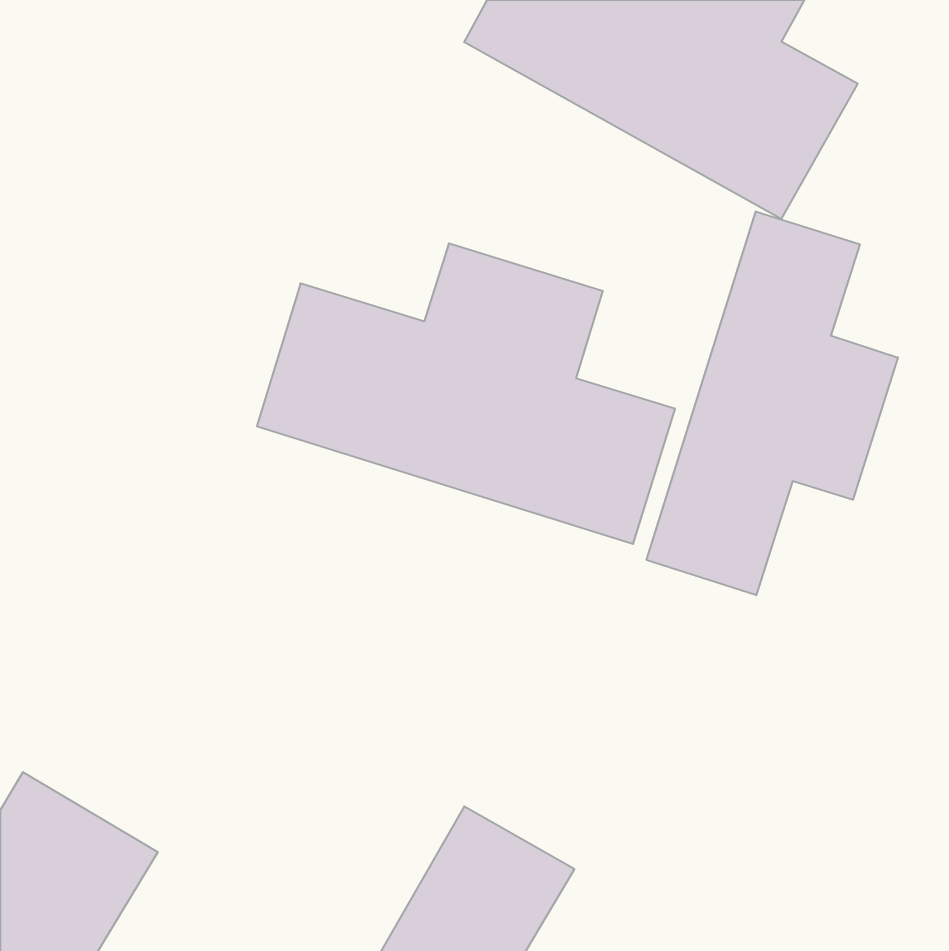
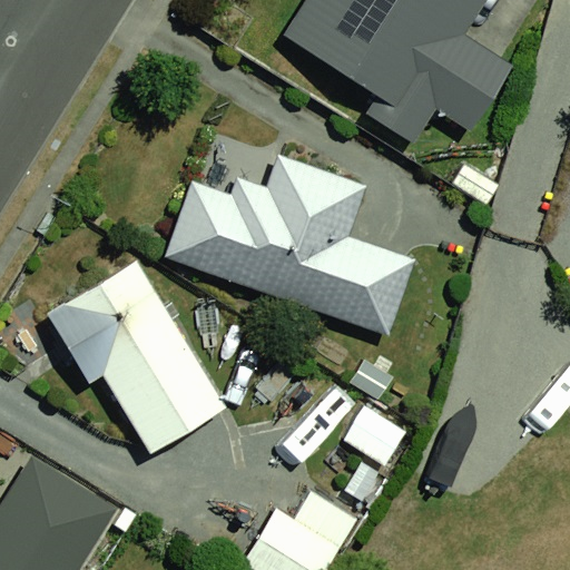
building: [647,211,898,595] -> none
building: none -> [47,259,228,468]

